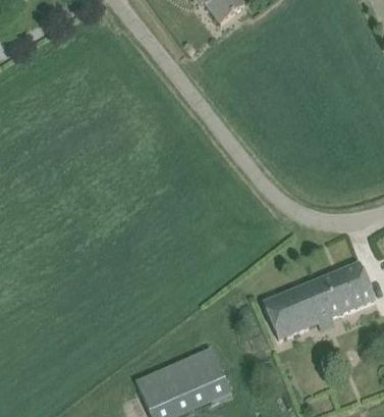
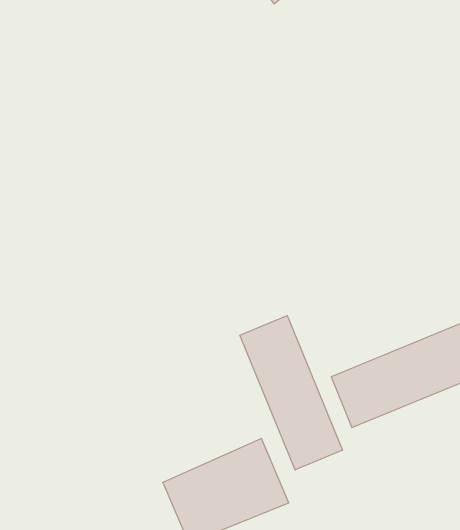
building: none -> [240,316,343,470]

